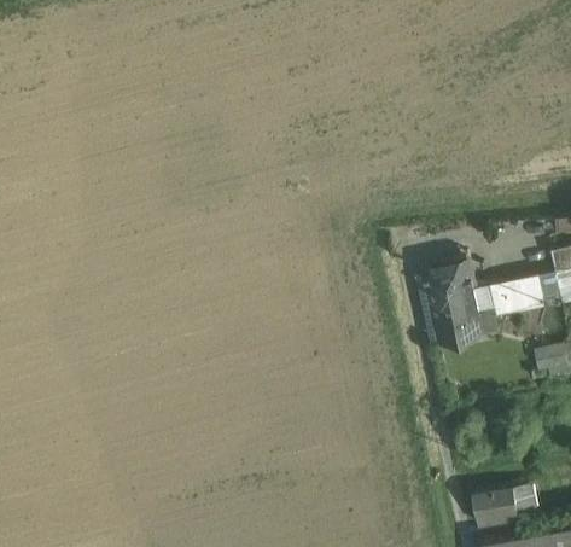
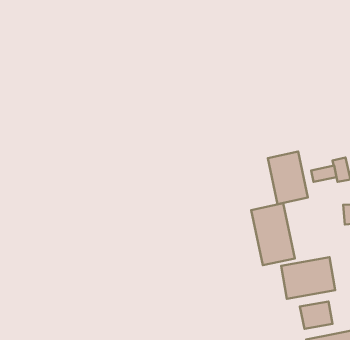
building: none -> [251,203,295,265]
building: none -> [281,257,335,299]

